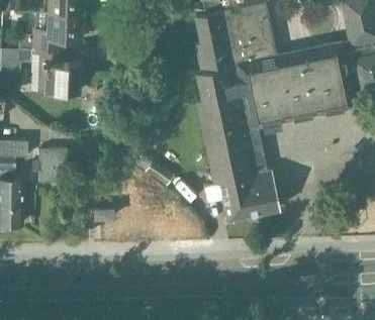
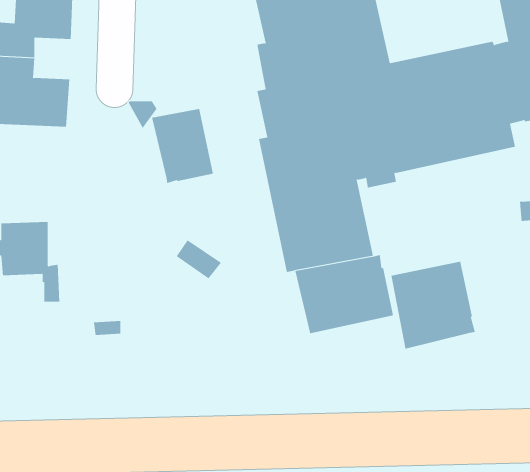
building: none -> [152,108,213,184]
building: none -> [391,261,476,350]

